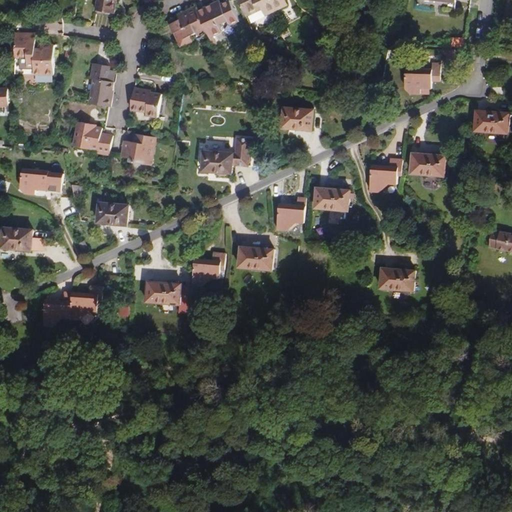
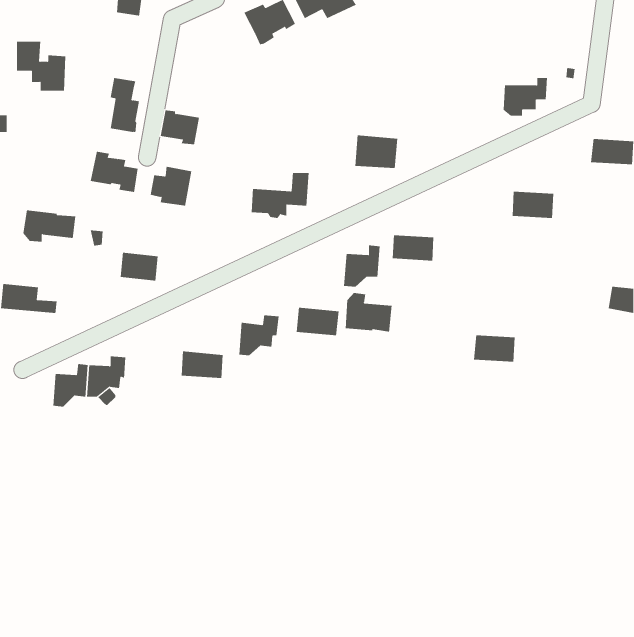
building: [168,6,204,46] -> none
building: [368,158,401,191] -> none
building: none -> [345,292,392,333]

